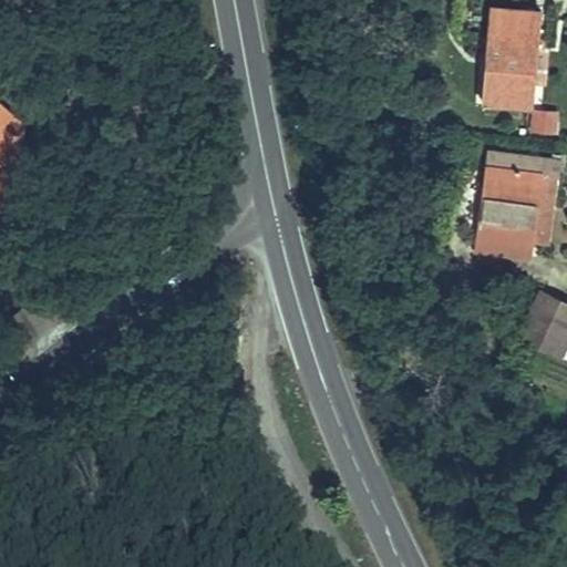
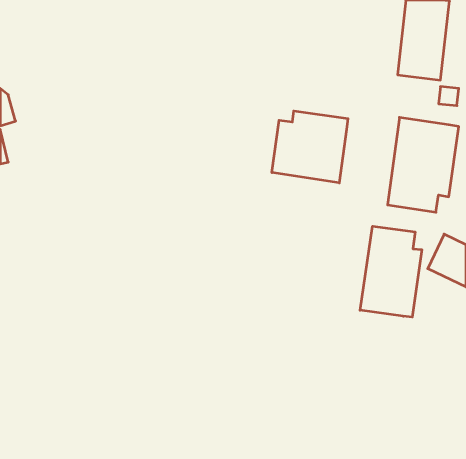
building: none -> [272,111,348,183]
building: none -> [360,226,422,317]

